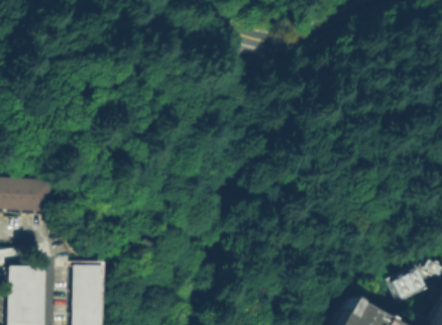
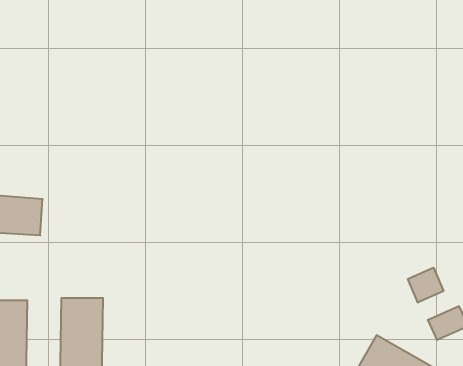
building: none -> [408,268,443,303]

